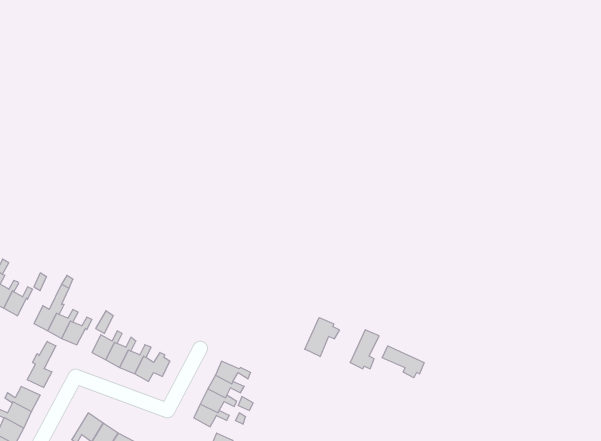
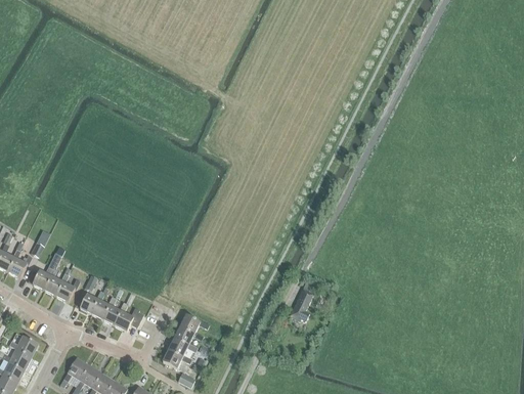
building: [305,318,339,357] -> none
building: [27,341,56,388] -> none
building: [382,346,424,378] -> none

